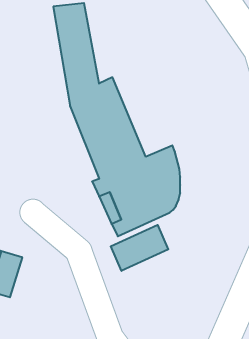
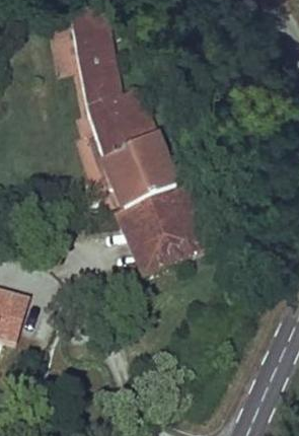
building: [111,225,168,271] -> none

